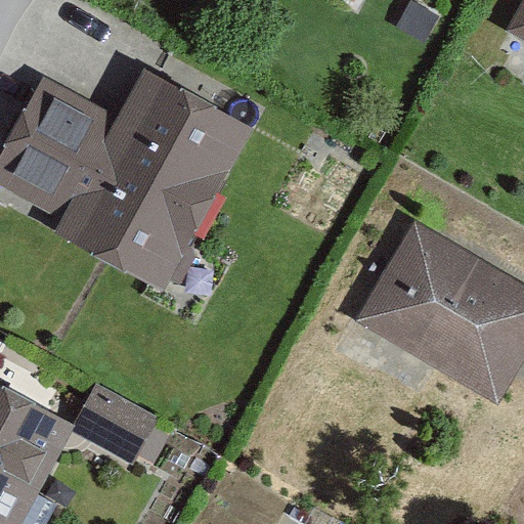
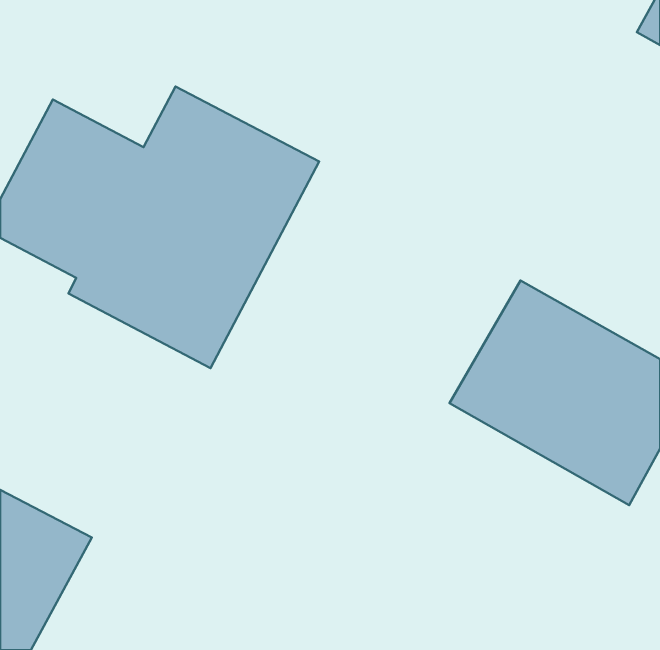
building: [75,390,158,464] -> none

